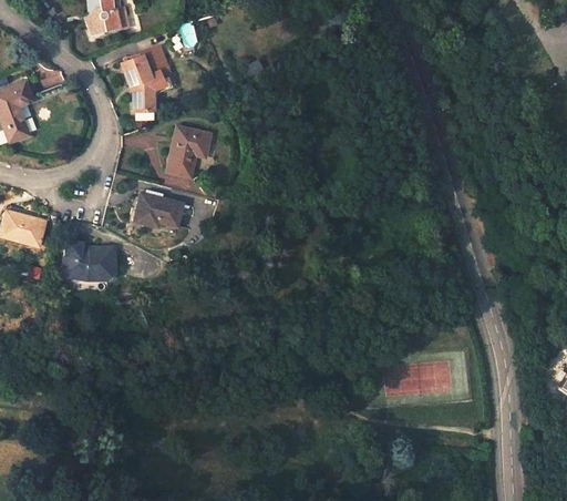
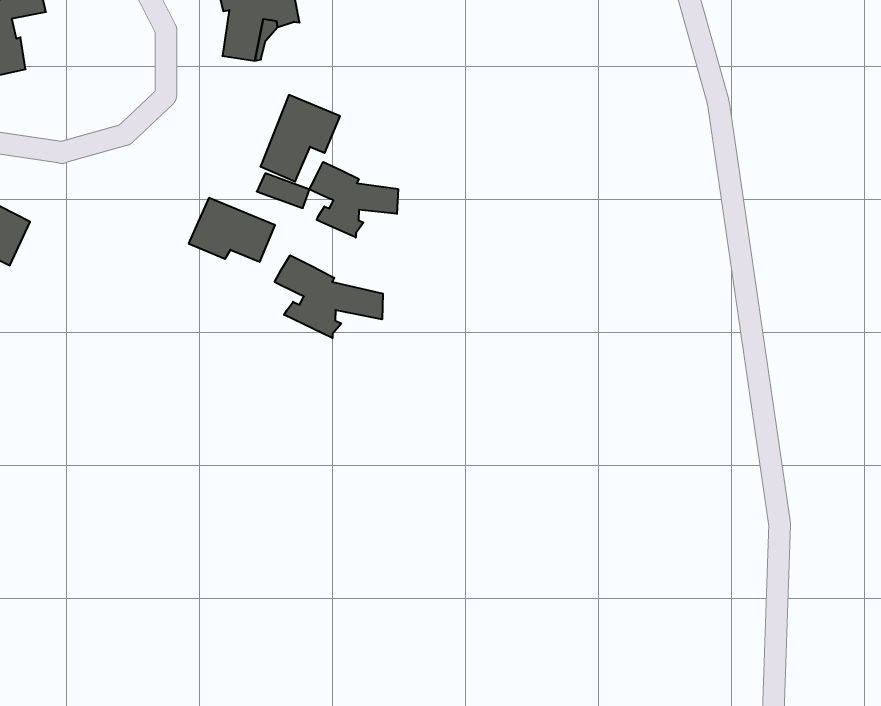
building: none -> [310,162,398,238]
building: none -> [275,255,383,338]
building: [56,239,112,282] -> none

